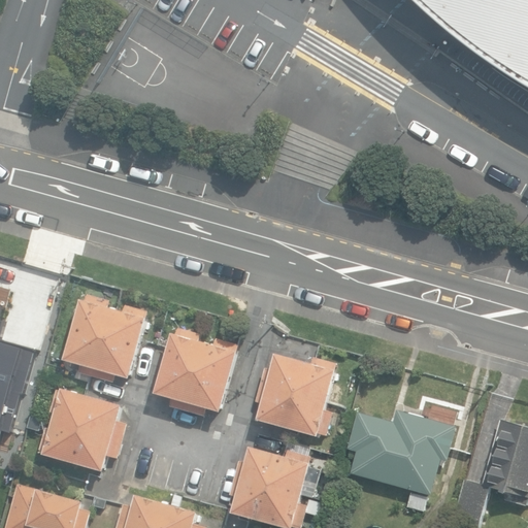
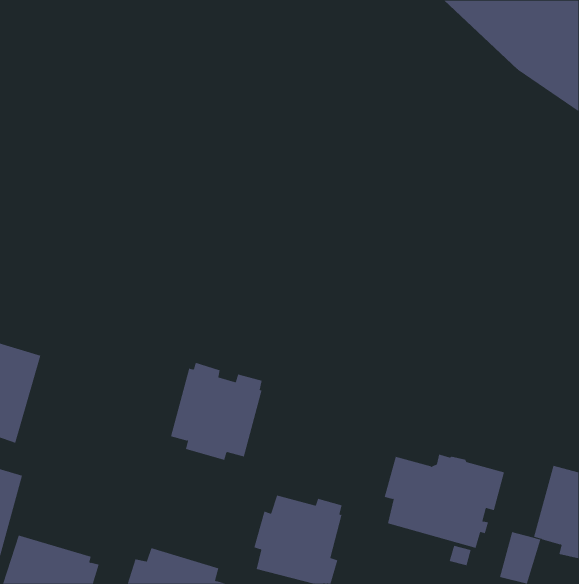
building: [62,294,146,382] -> none
building: [255,354,336,437] -> none
building: [37,388,126,472] -> none

